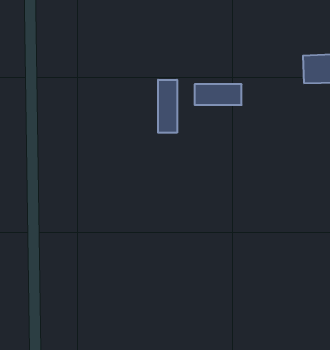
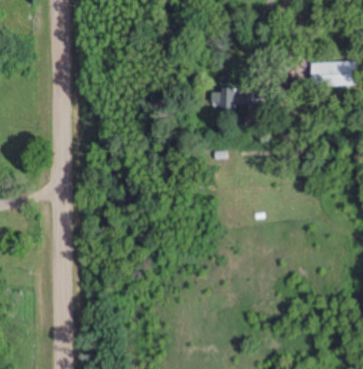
building: [158,80,177,133] -> none

